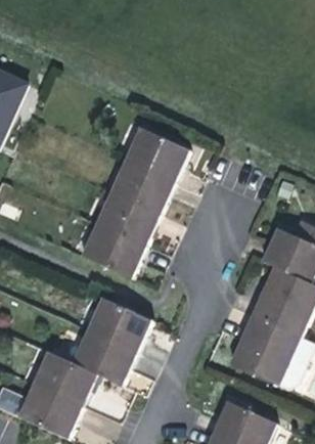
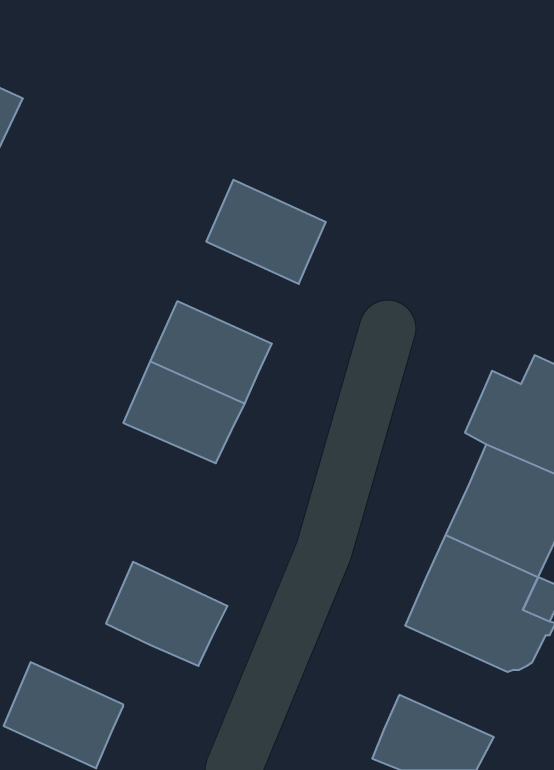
building: [109,160,174,214] -> none
building: [86,298,150,353] -> none
building: [32,351,95,405] -> none

